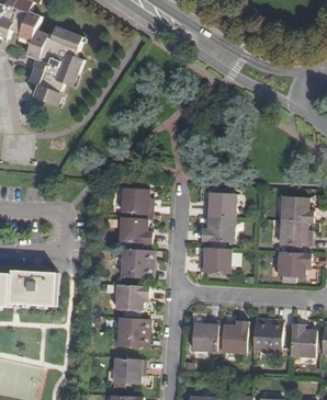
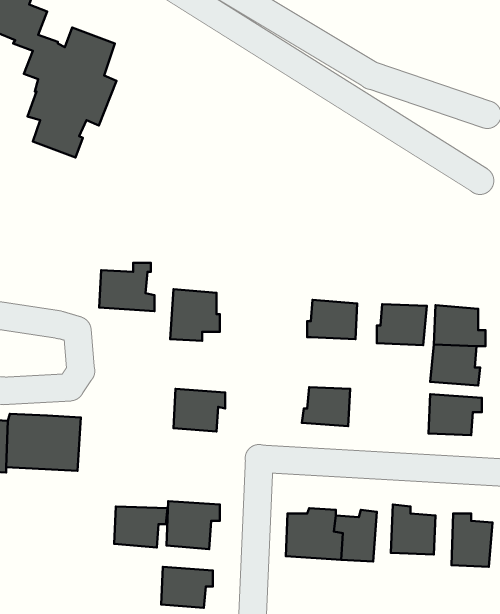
building: [116,214,150,243] -> [99,263,155,311]
building: [201,217,232,242] -> [377,304,427,345]
building: [114,286,147,311] -> [114,506,167,547]

